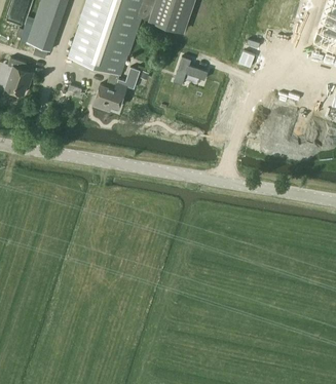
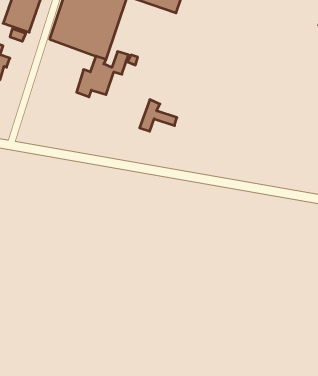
building: [172,56,206,85] -> [140,100,177,131]

